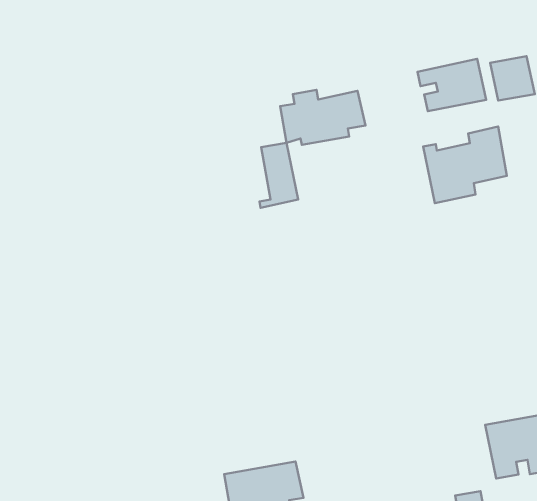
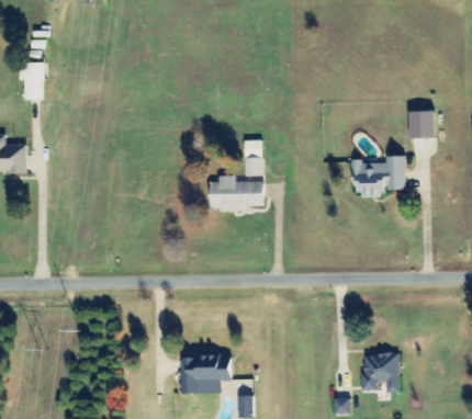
building: [417,59,486,111] -> none
building: [280,90,365,145] -> [209,175,263,211]

